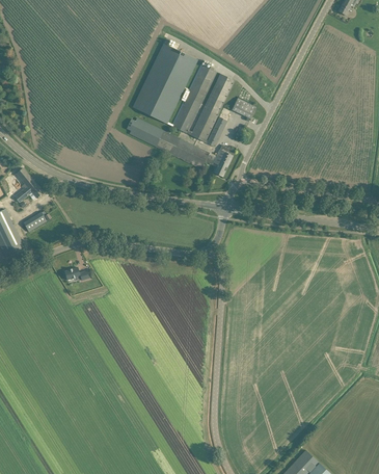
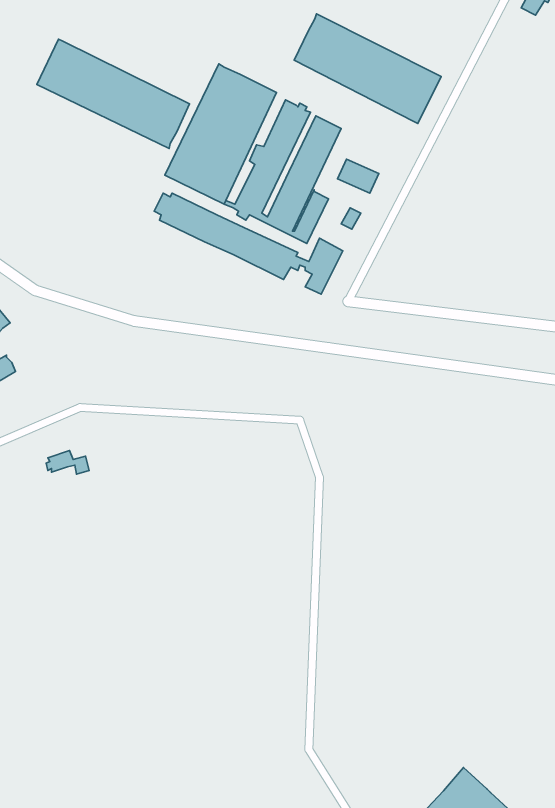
building: none -> [294,14,441,124]
building: none -> [37,39,190,148]

